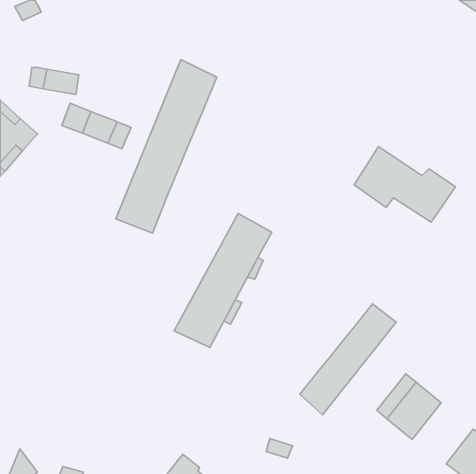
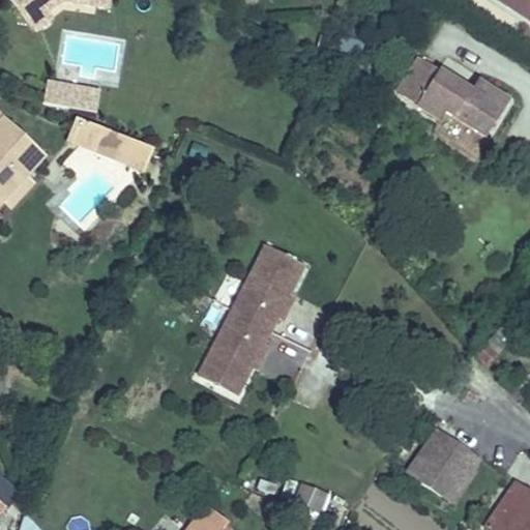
building: [116,59,217,233] -> none
building: [354,146,455,222] -> [395,54,507,138]
building: [300,304,396,415] -> none

